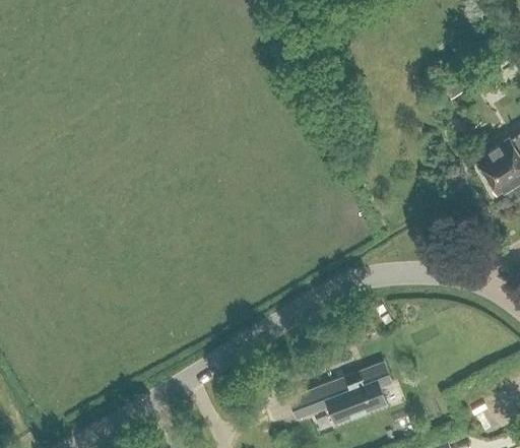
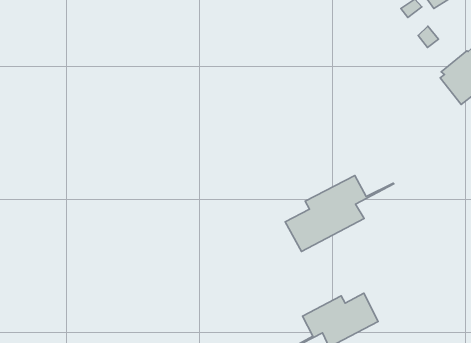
building: none -> [285,176,394,252]

